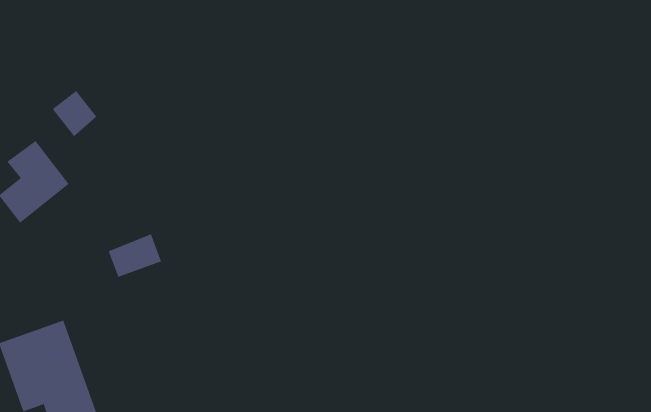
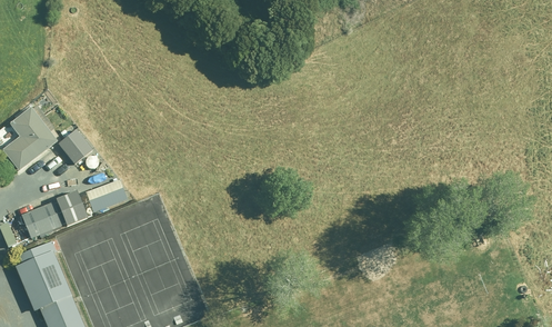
building: [52,90,97,137] -> [59,128,93,163]
building: none -> [22,192,87,238]

